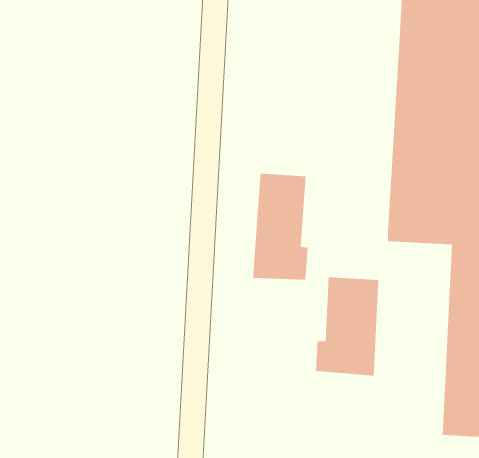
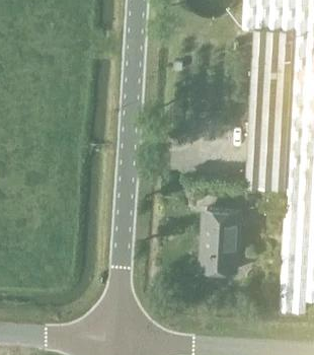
building: [253,173,308,281] -> none

